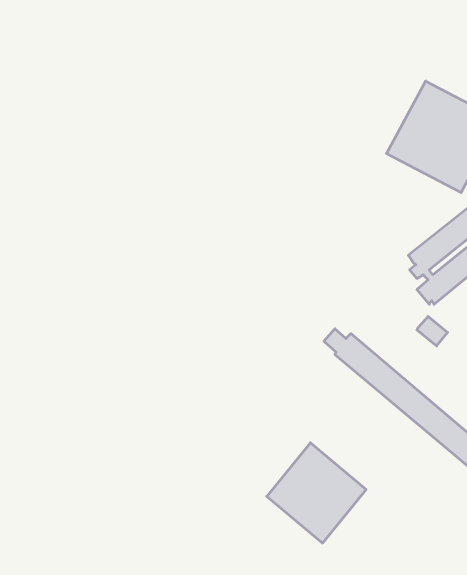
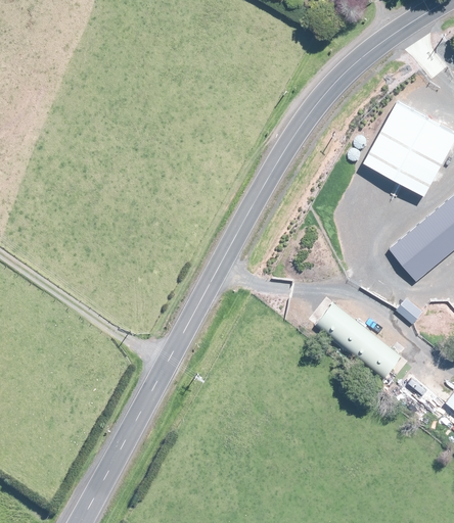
building: [267,443,366,543] -> none

